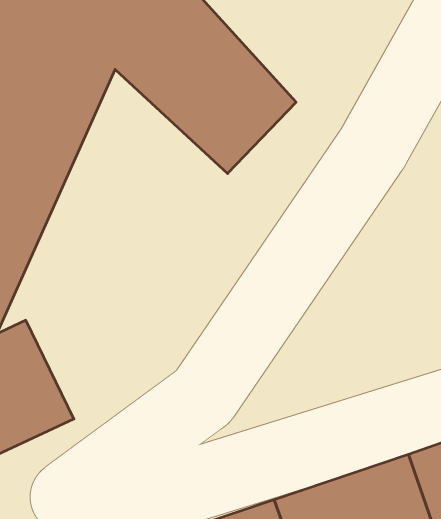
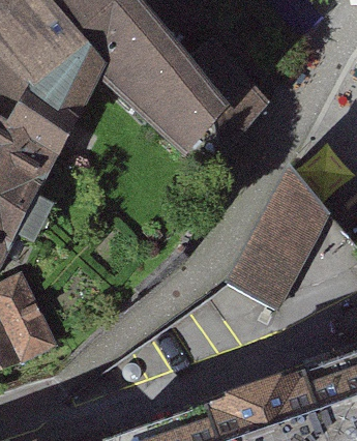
building: none -> [222,169,325,310]

